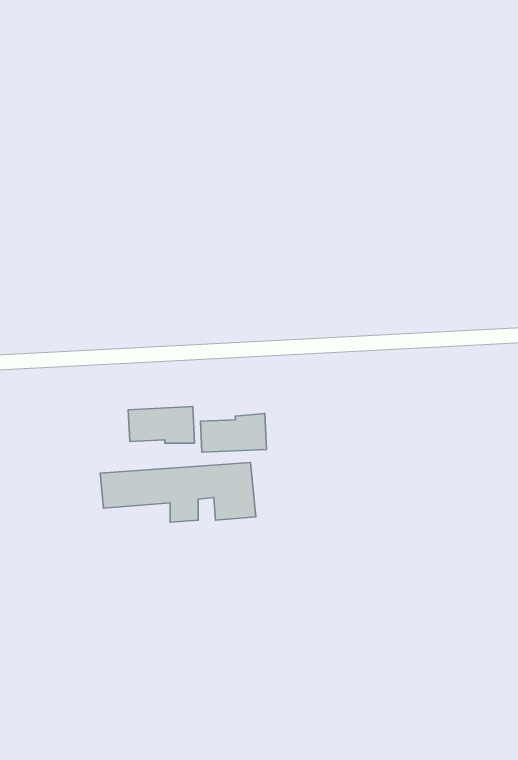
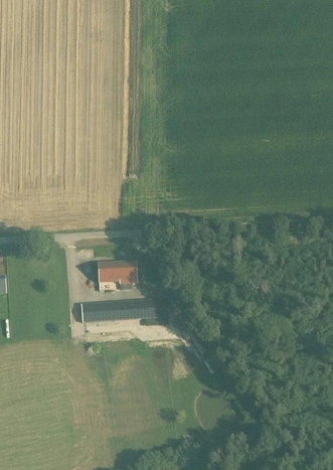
building: [201,413,266,452] -> none

